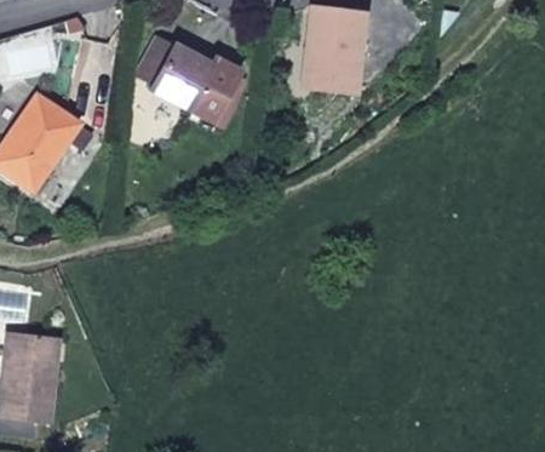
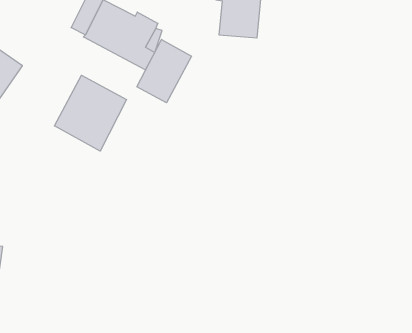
building: none -> [137,39,191,103]
building: none -> [54,75,127,151]

